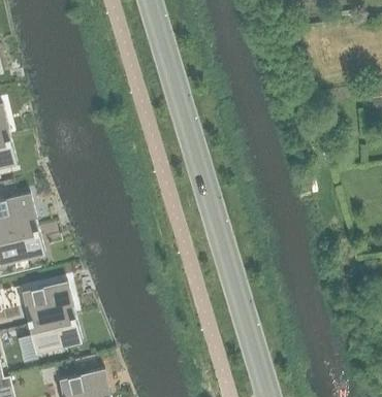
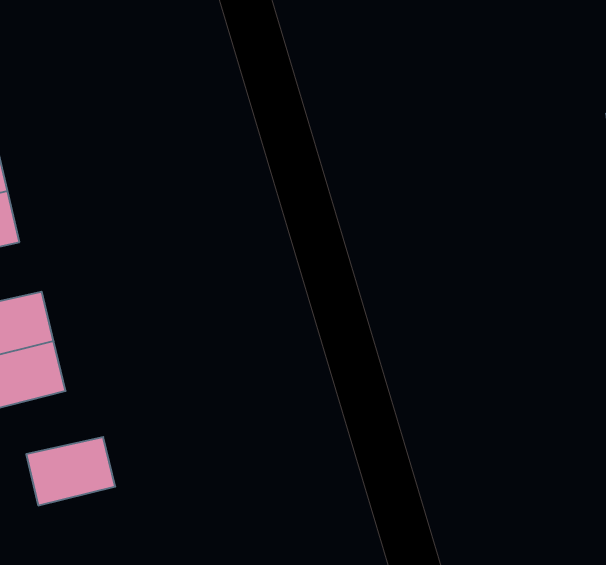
building: [28,310,82,352] -> none

